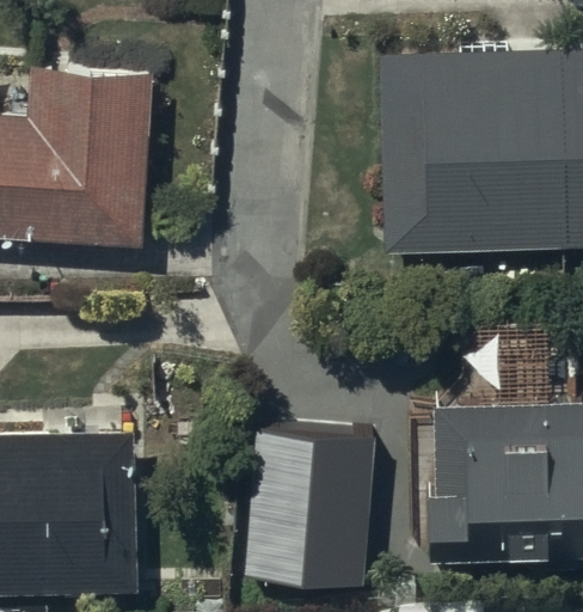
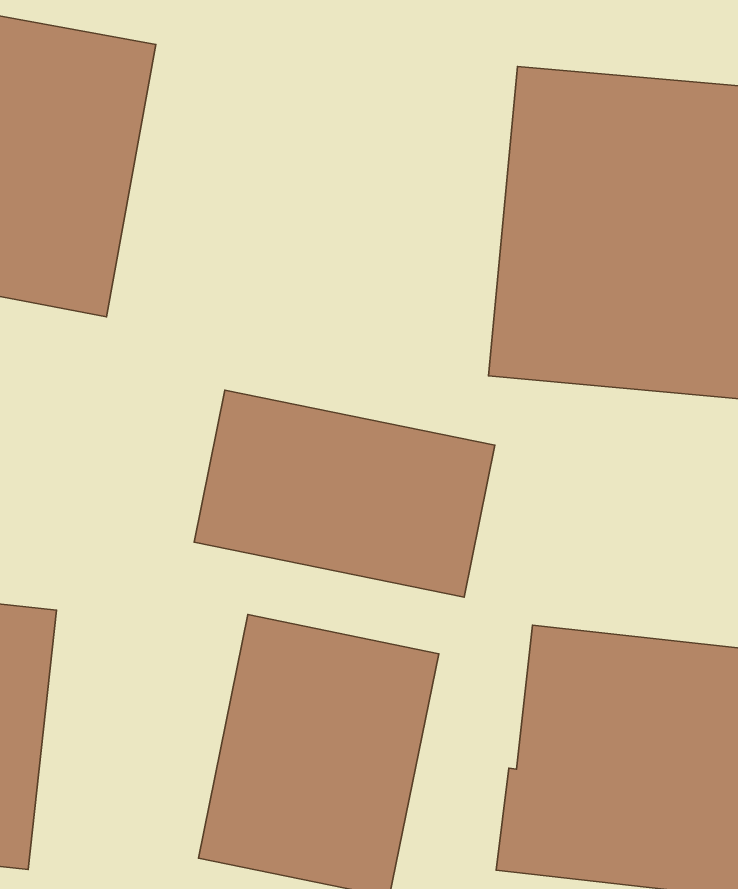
building: none -> [194,390,495,597]

